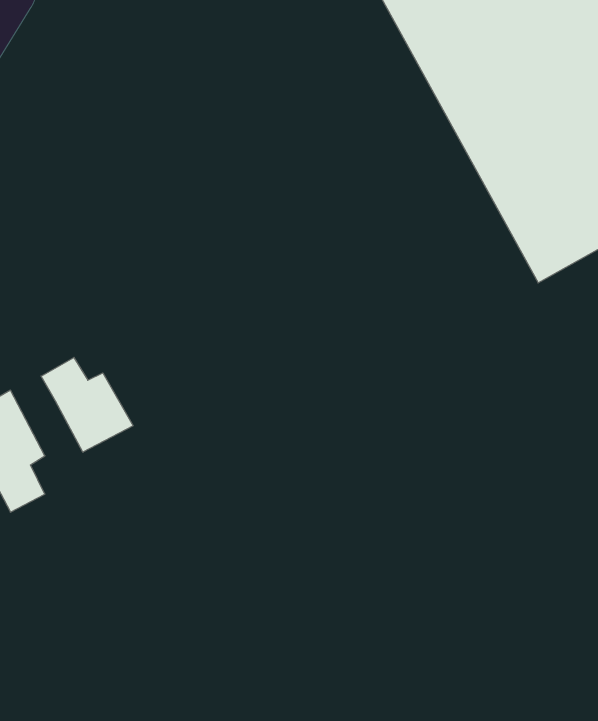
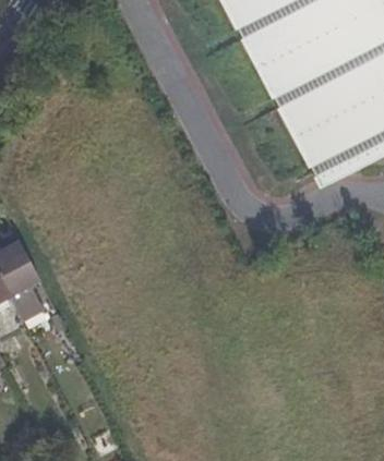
building: [41,357,133,452] -> none

